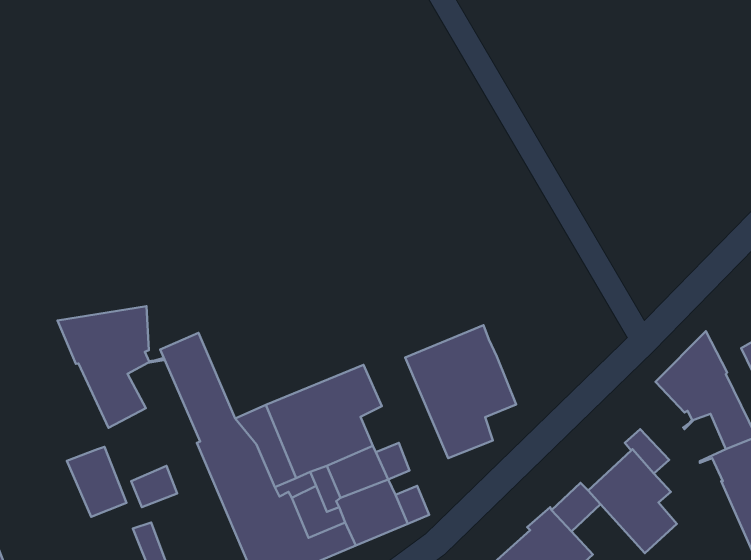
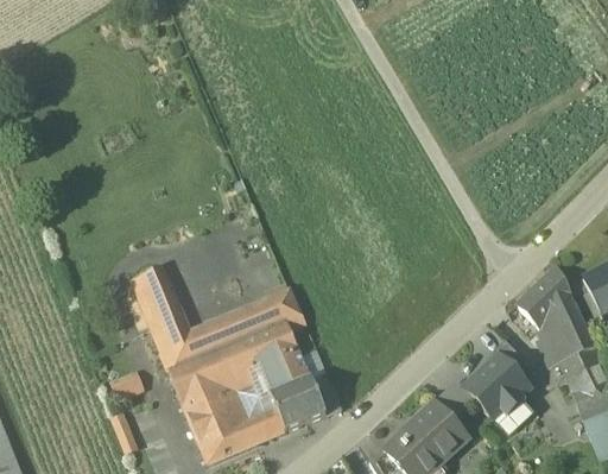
building: [57,306,164,428] -> none
building: [405,325,516,458] -> none
building: none -> [538,327,570,364]
building: [67,447,126,517] -> none

